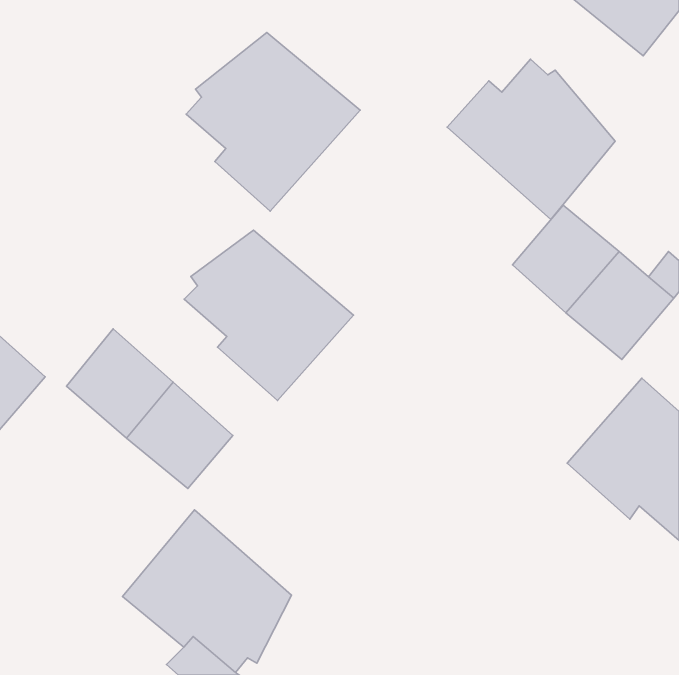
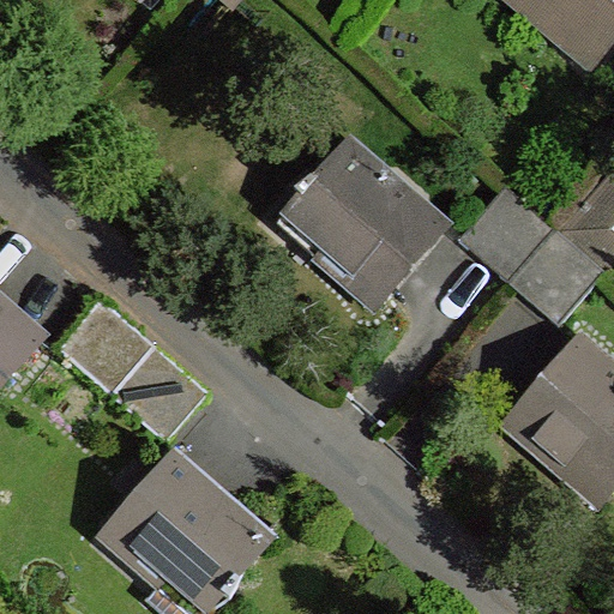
building: [186,33,360,211] -> none
building: [447,59,615,220] -> none
building: [184,230,353,400] -> [290,146,443,300]

